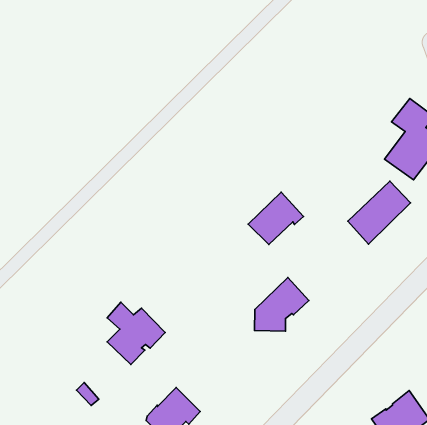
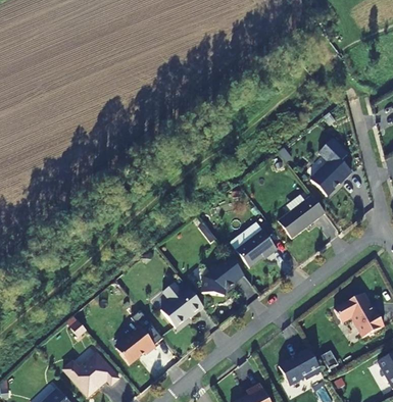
building: [248,192,304,244] -> [236,230,277,266]
building: [107,302,165,365] -> [160,282,203,328]

